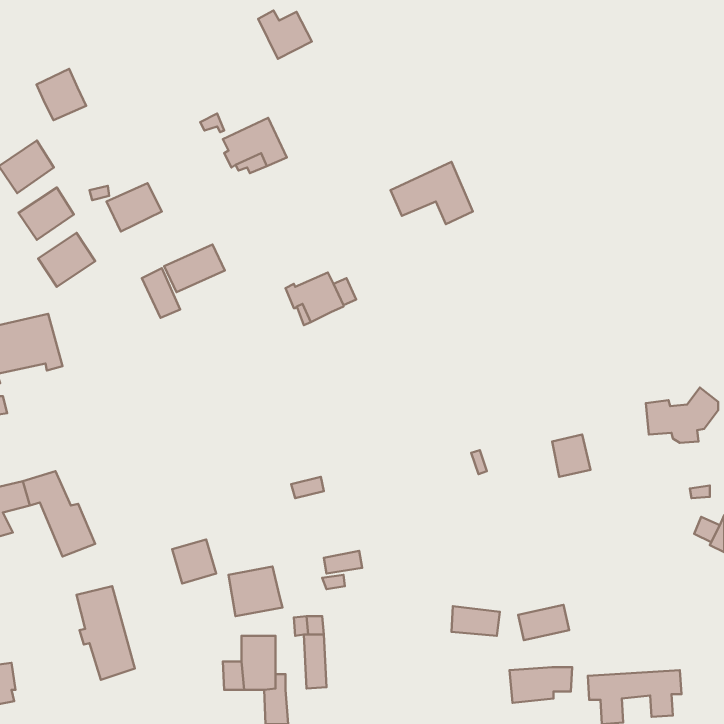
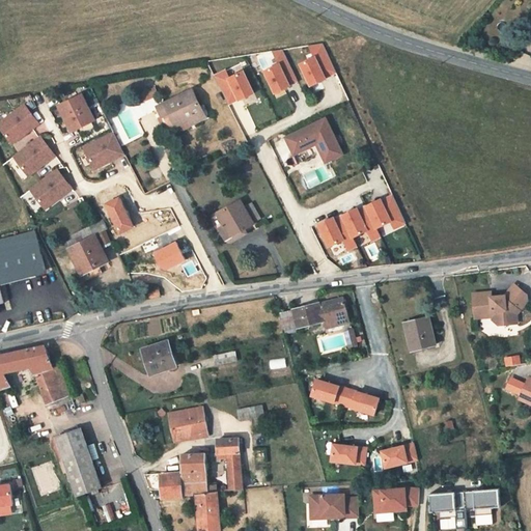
building: [258,10,312,59] -> [213,68,252,104]
building: none -> [298,43,336,86]
building: none -> [261,49,298,93]
building: [36,69,86,120] -> [57,92,93,130]
building: [164,244,225,292] -> none
building: none -> [315,194,404,250]
building: none -> [68,239,106,274]
building: none -> [152,241,184,270]
building: none -> [281,299,347,330]
building: none -> [309,378,378,416]
building: [172,539,216,583] -> [135,345,167,378]
building: none -> [309,494,357,519]

